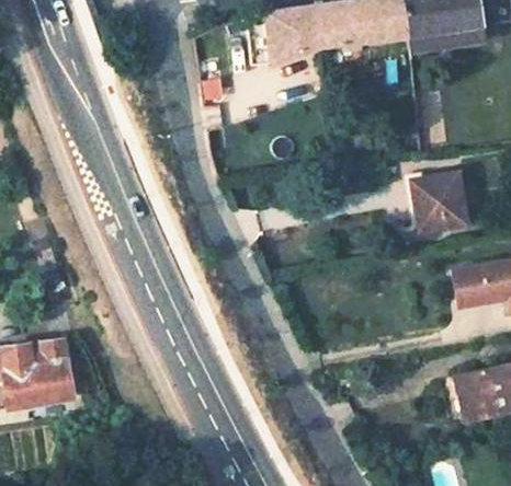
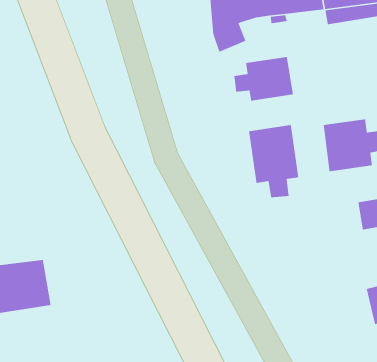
building: none -> [234,56,294,101]
building: none -> [248,124,299,198]

